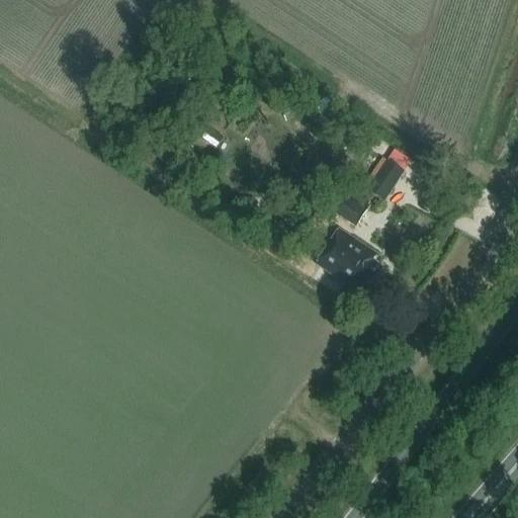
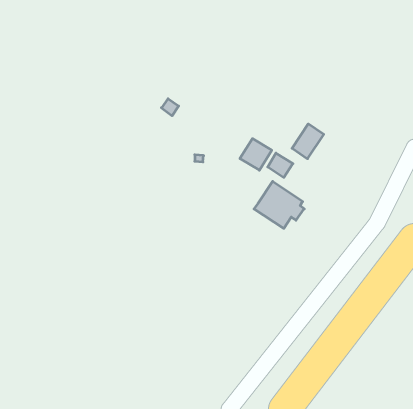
building: none -> [240,139,272,170]

